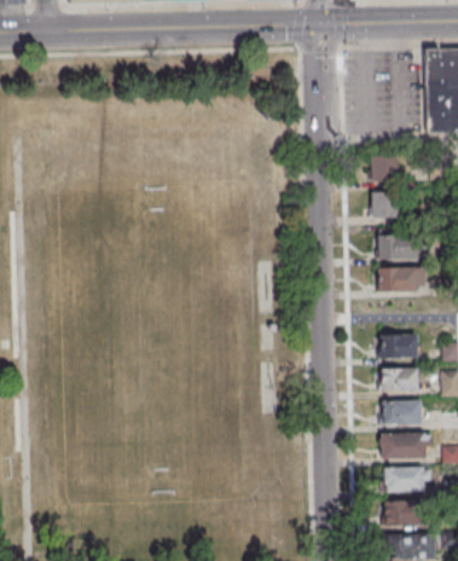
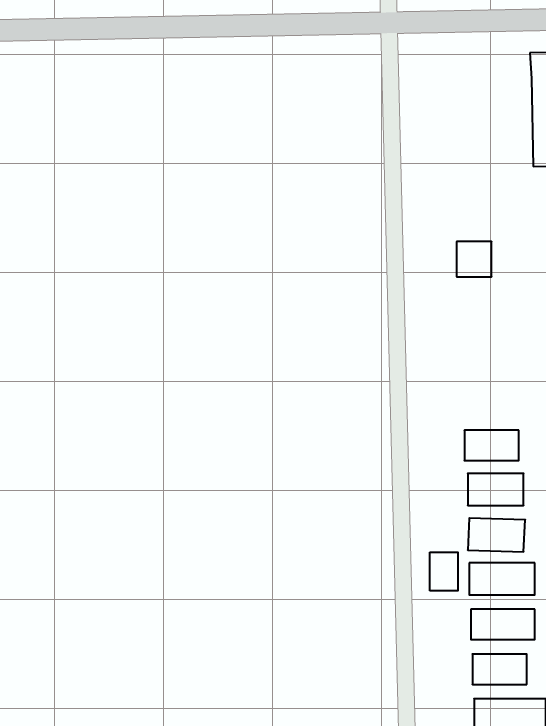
building: [370,155,396,180] -> none
building: [376,233,416,258] -> none
building: [376,266,423,290] -> none
building: none -> [430,552,458,591]

